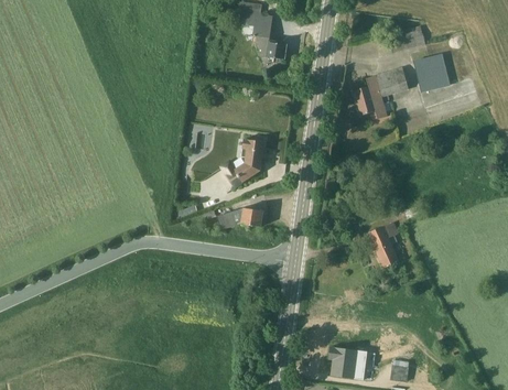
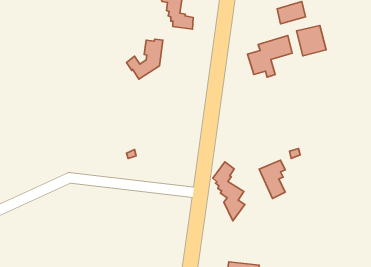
building: [219,138,264,187] -> [126,39,163,79]
building: [217,208,262,230] -> none
building: none -> [213,162,245,221]

